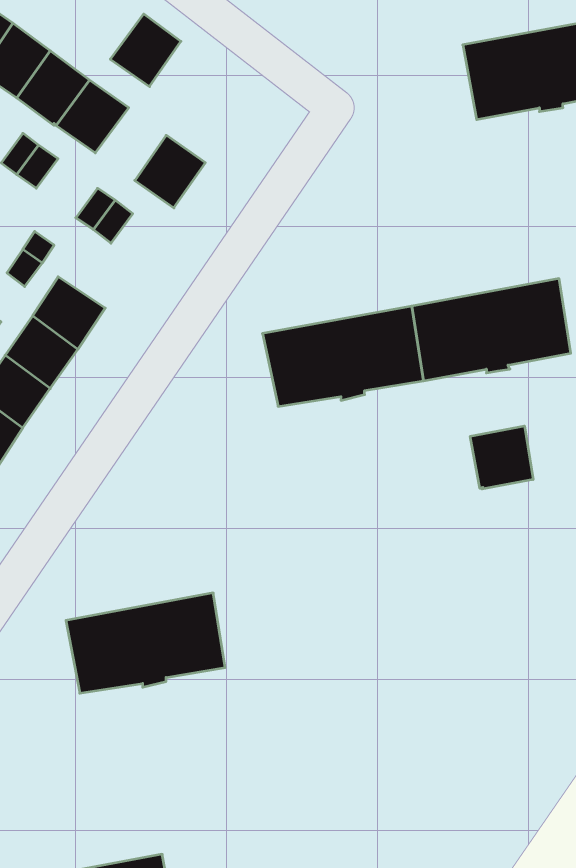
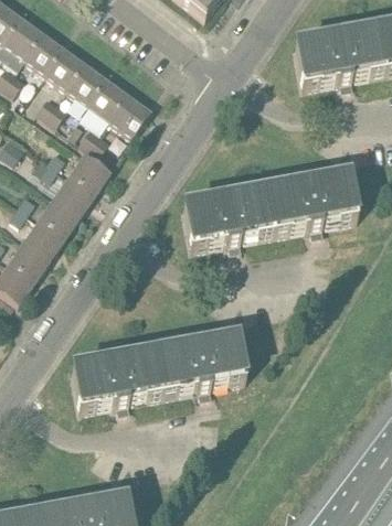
building: [110,14,181,87] -> [91,74,130,115]
building: none -> [70,147,112,186]
building: [470,426,533,489] -> none
building: none -> [157,331,247,388]

